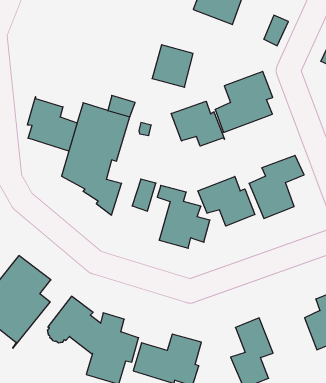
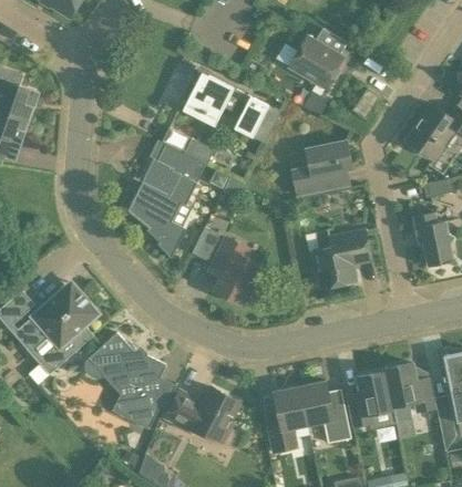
building: none -> [185,71,234,120]
building: [27,97,77,151] -> none
building: [171,101,224,146] -> none
building: [198,176,255,226] -> none
building: none -> [300,381,351,443]

